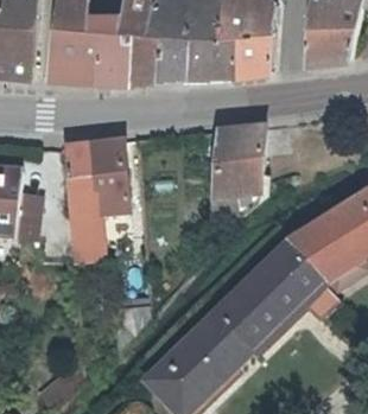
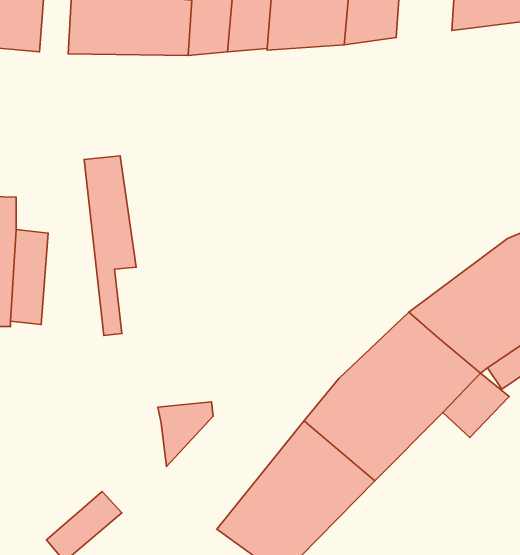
building: [204,126,262,199] -> none
building: [84,141,123,218] -> none

